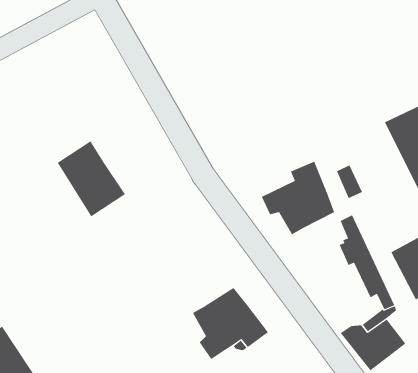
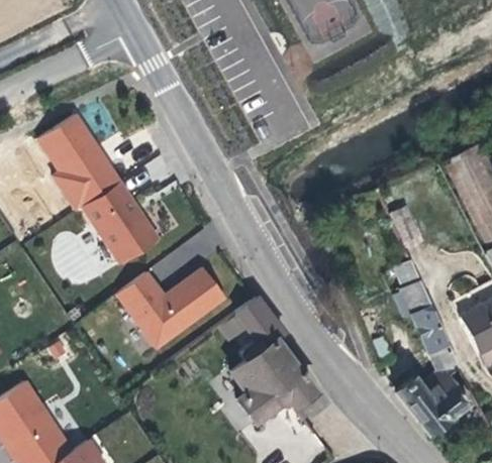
building: none -> [40,114,122,210]
building: [261,161,335,235] -> none
building: none -> [117,268,227,349]
building: none -> [238,297,285,363]

